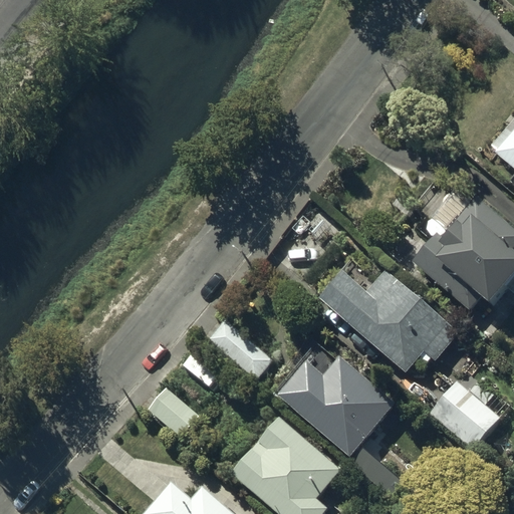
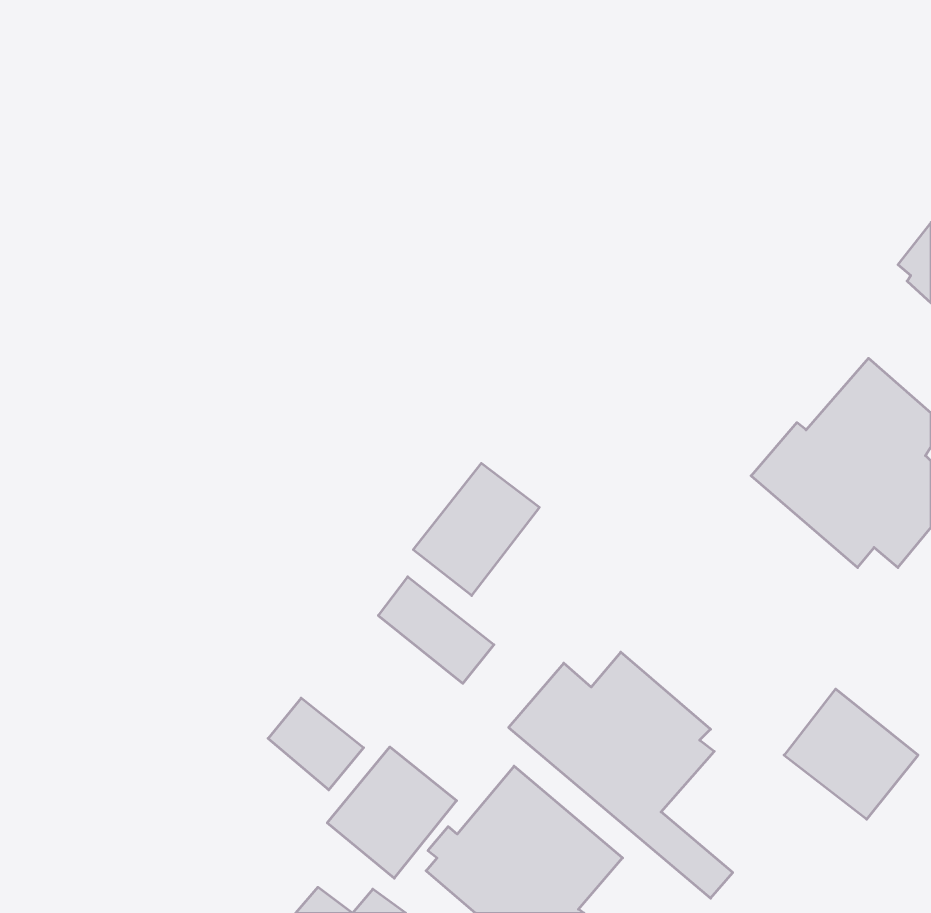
building: none -> [413,463,539,596]
building: [321,271,456,372] -> none
building: none -> [327,747,457,878]

